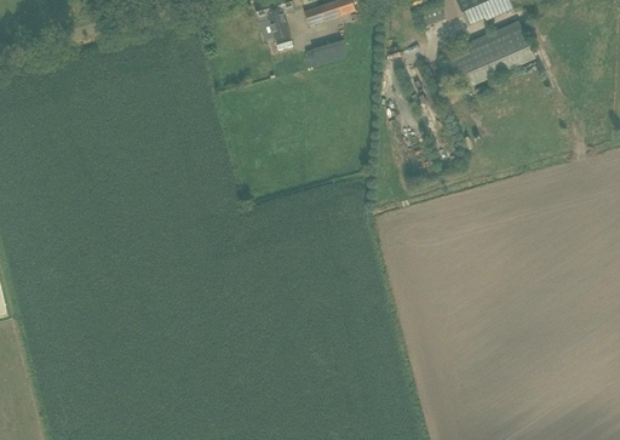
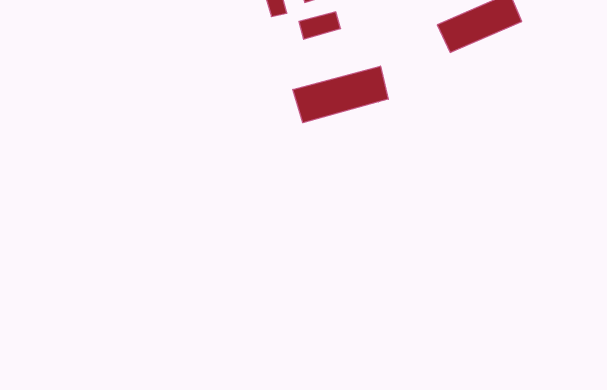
building: none -> [293,66,388,123]

